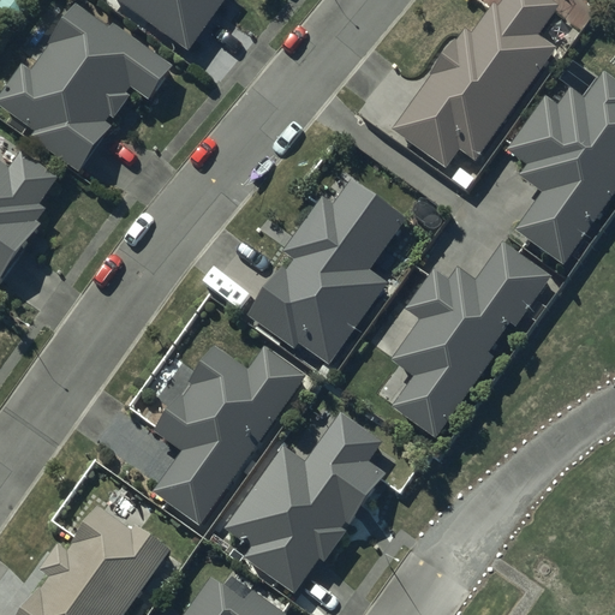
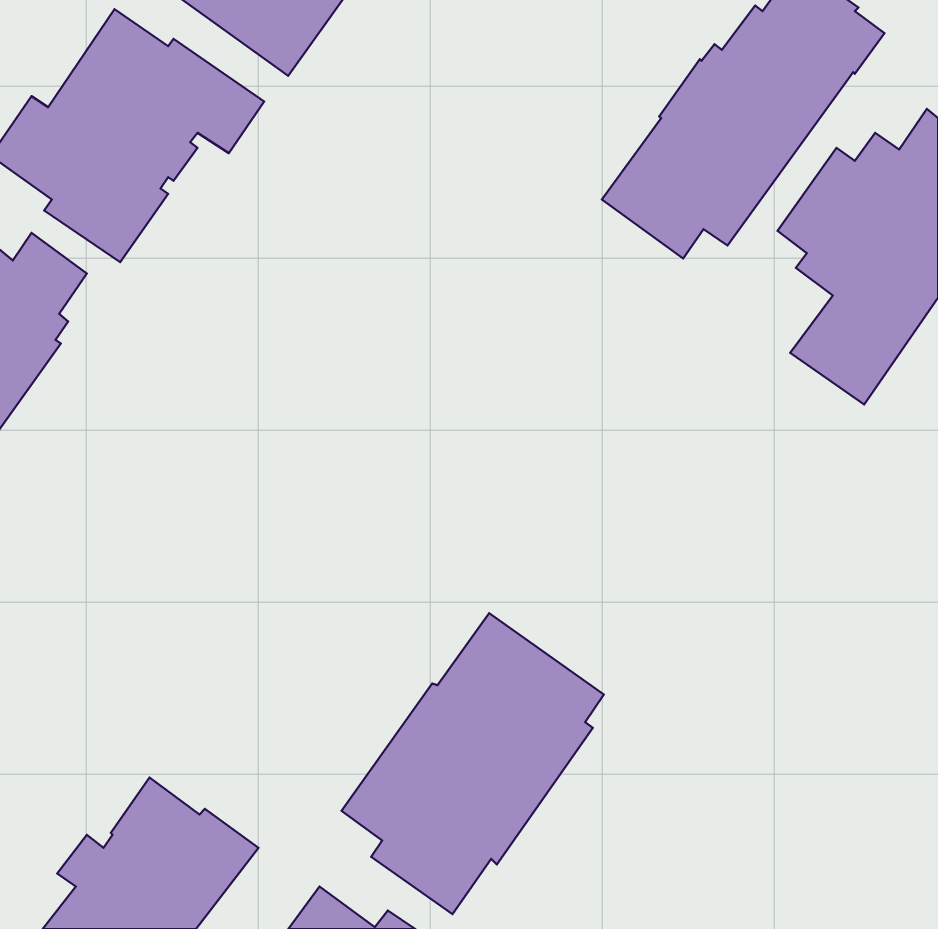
building: [246,177,406,364] -> none
building: [389,243,551,438] -> none
building: [151,342,309,525] -> none

